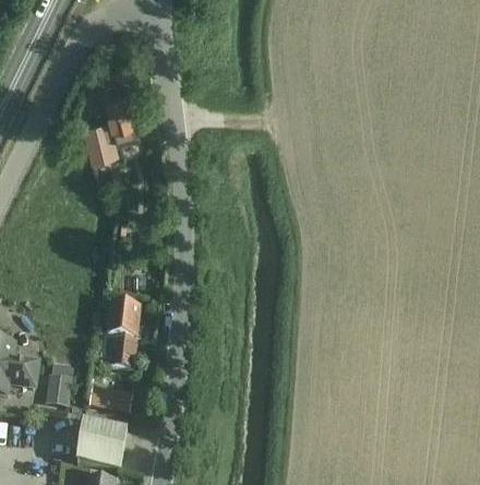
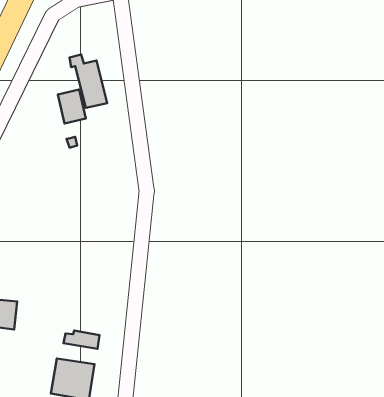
building: [99,298,142,364] -> none
building: [44,371,72,405] -> none

